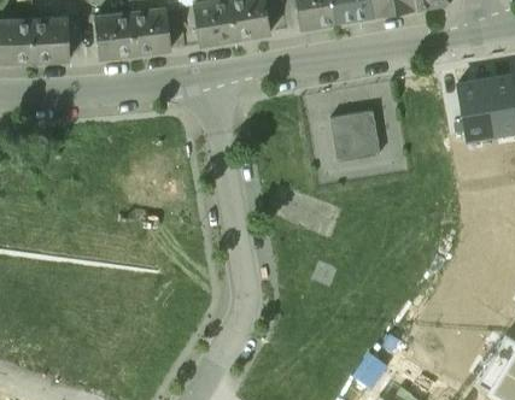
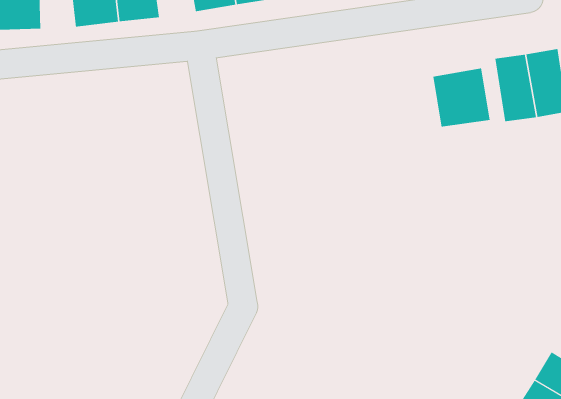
building: [329,112,379,163] -> [433,68,490,127]

